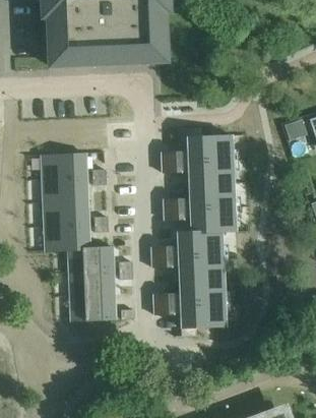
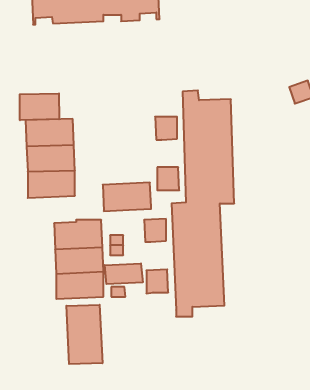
building: none -> [20,93,59,120]
building: [44,224,88,250] -> [103,183,151,211]
building: none -> [105,263,143,284]
building: none -> [66,305,102,364]

